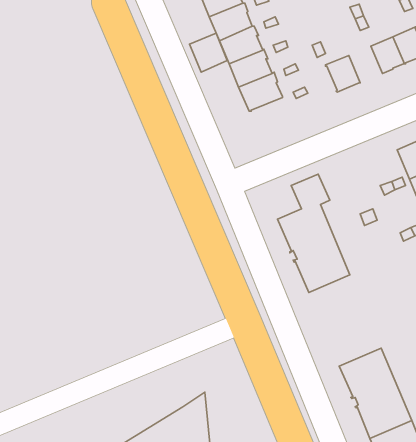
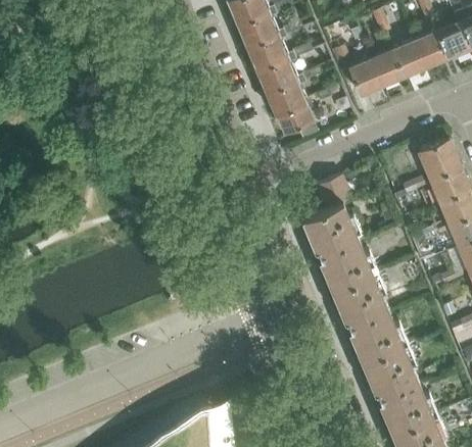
building: [190,33,227,72] -> none
building: none -> [371,50,404,86]
building: none -> [276,99,313,133]
building: none -> [332,272,403,361]

